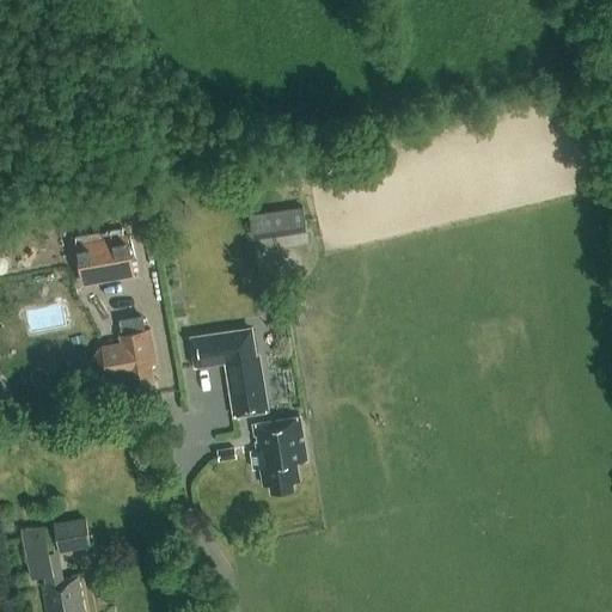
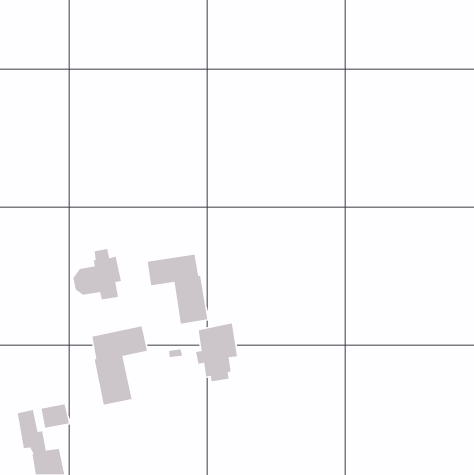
building: [251,207,307,237] -> none
building: [74,233,135,286] -> none
building: none -> [91,325,148,405]

